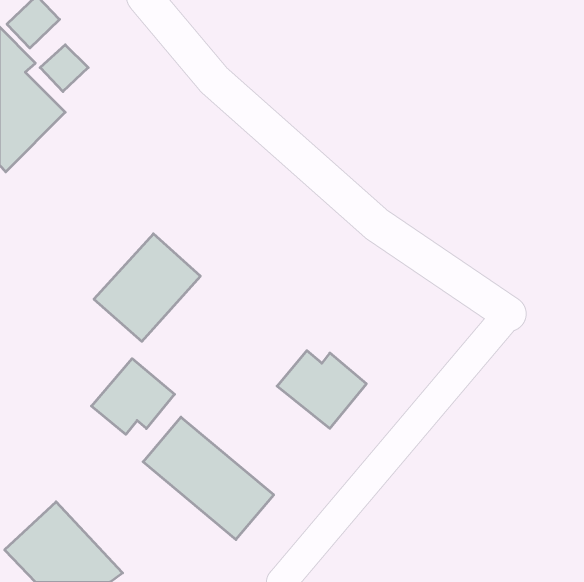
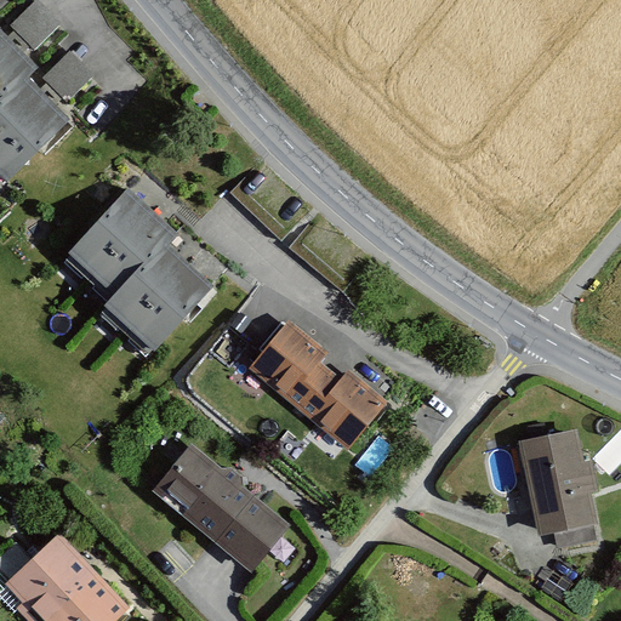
building: none -> [63,192,172,303]
building: none -> [246,318,327,409]
building: [91,359,175,434] -> none
building: none -> [517,427,598,535]

